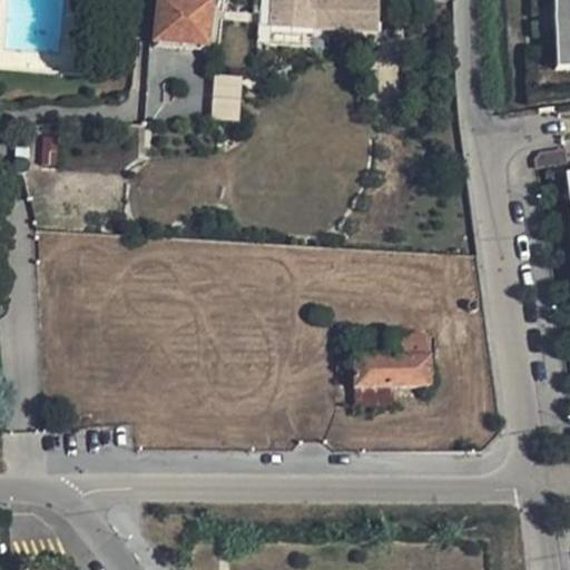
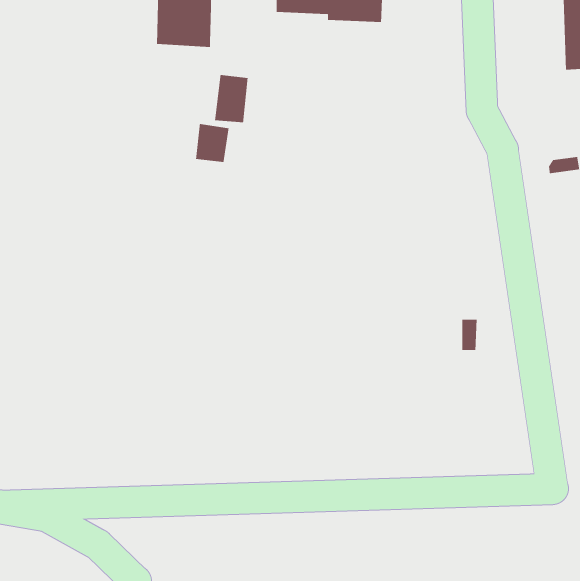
building: none -> [195,123,229,163]
building: [354,337,436,405] -> none

